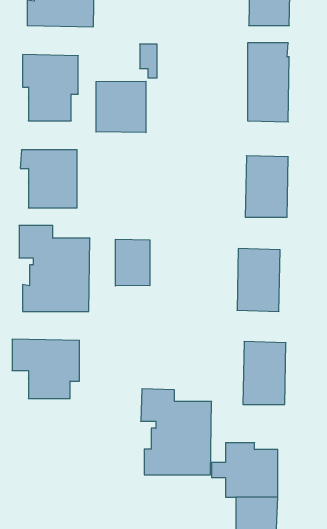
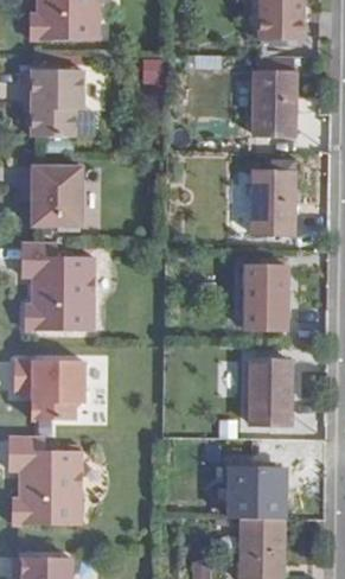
building: [96,81,146,133] -> none
building: [115,239,150,286] -> none
building: [141,389,212,475] -> [7,437,79,524]

